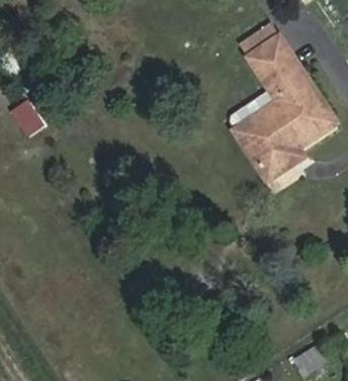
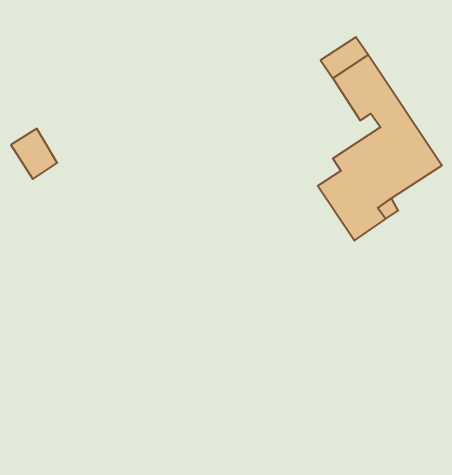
building: [232,85,289,138] -> none

